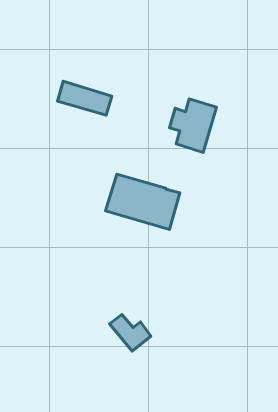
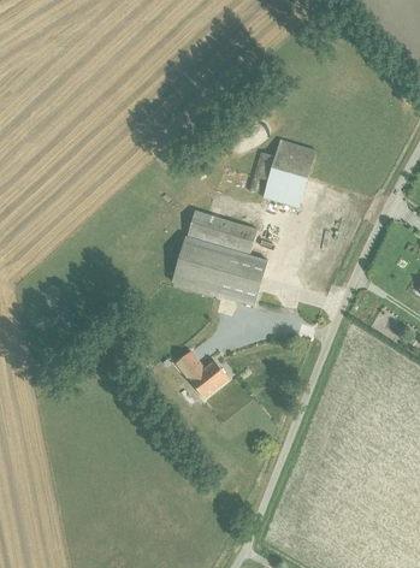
building: [57,81,112,115] -> [187,209,256,253]
building: [110,314,151,351] -> [174,351,227,398]

